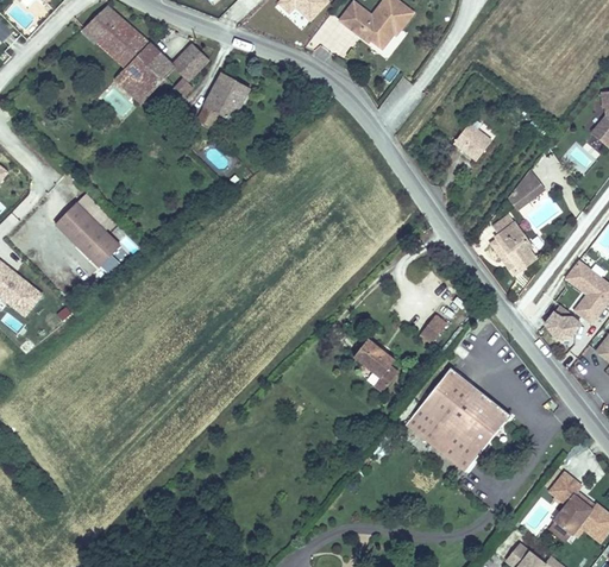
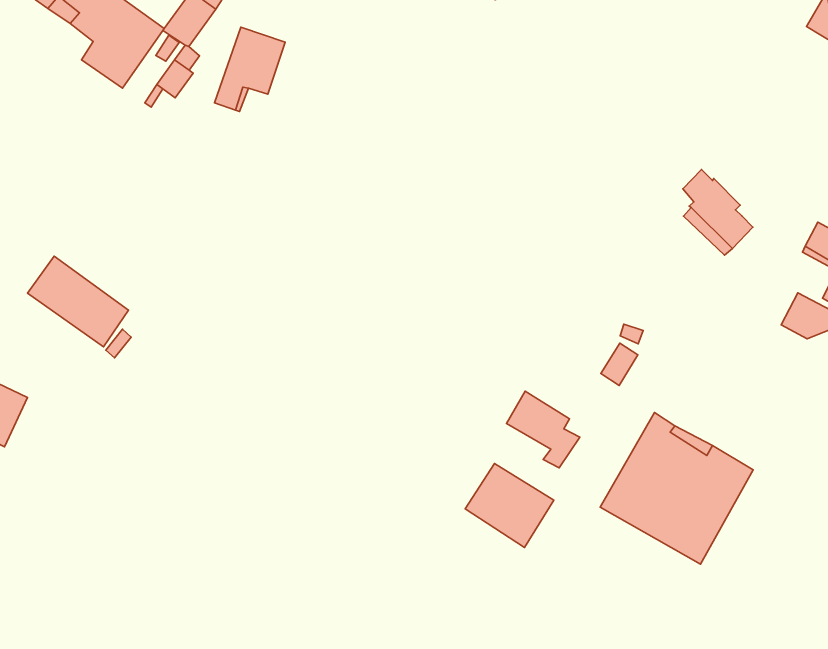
building: [453,122,491,159] -> none
building: [508,169,544,208] -> none
building: none -> [465,464,554,548]

